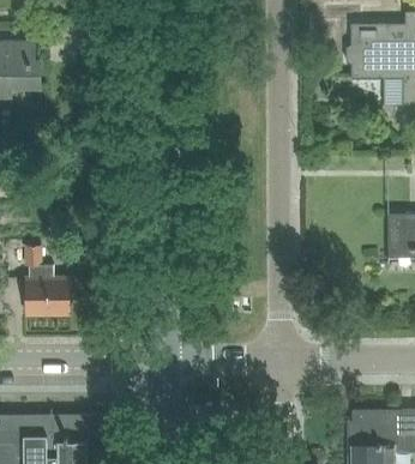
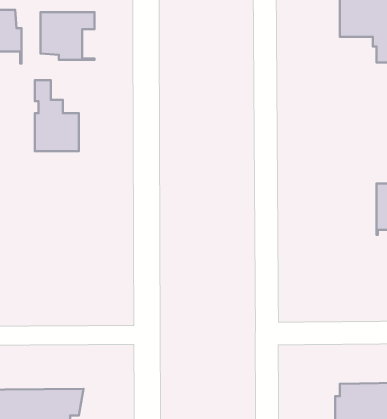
building: none -> [41,12,94,60]
building: [25,246,68,315] -> [35,80,79,151]

